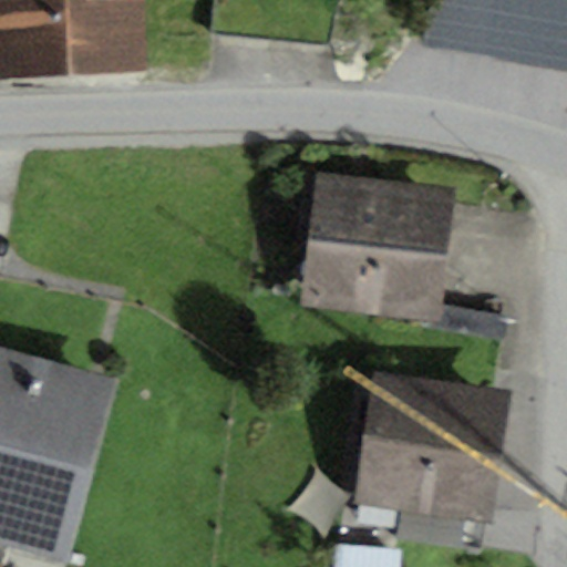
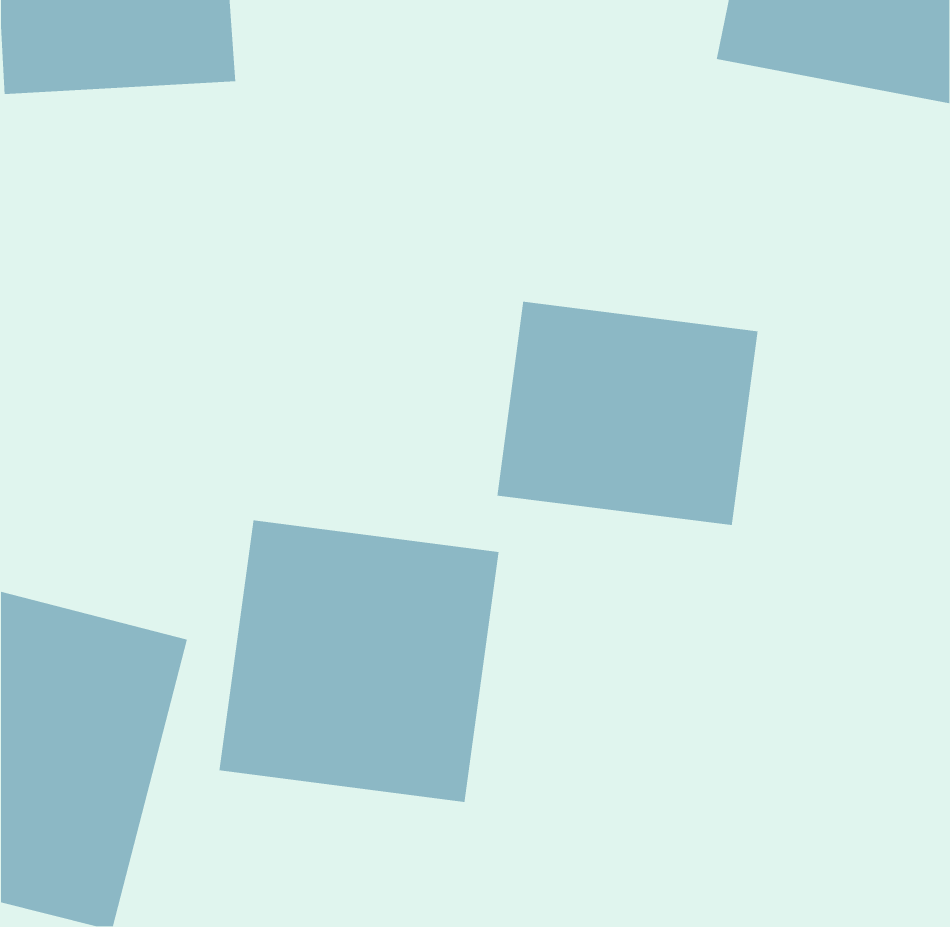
building: none -> [219,520,499,803]
building: [354,370,509,519] -> none

